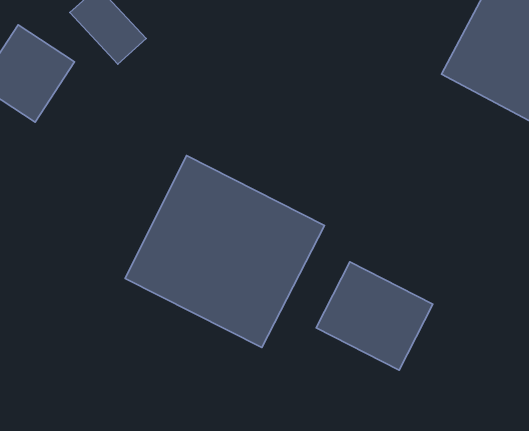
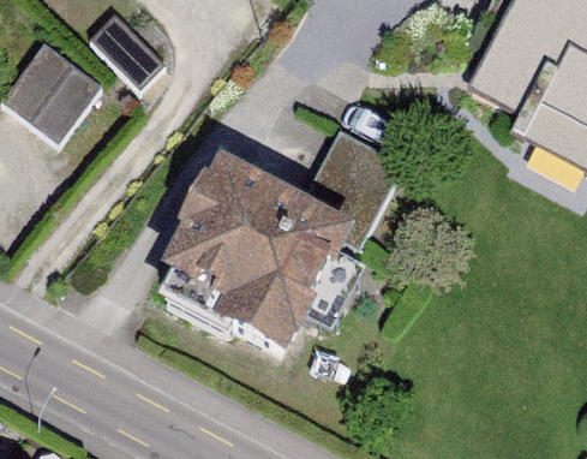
building: none -> [306,131,405,238]
building: [316,262,433,370] -> none

